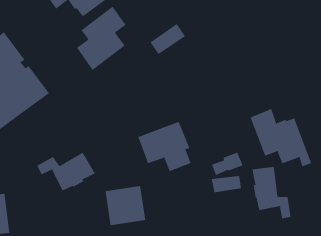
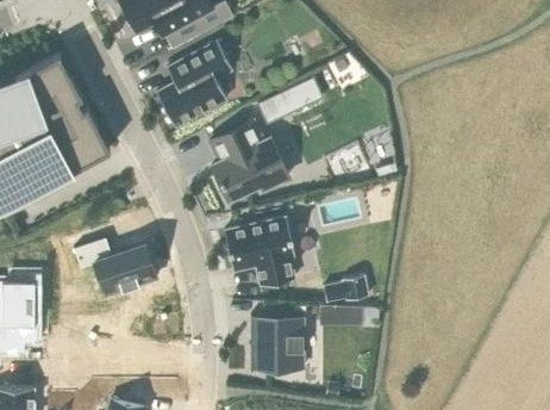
building: none -> [208,122,315,200]
building: [250,108,312,167] -> none
building: [252,166,291,219] -> none
building: [104,186,146,228] -> [250,316,302,372]

